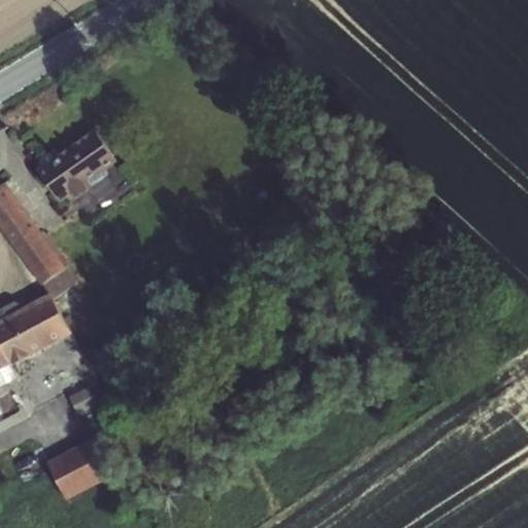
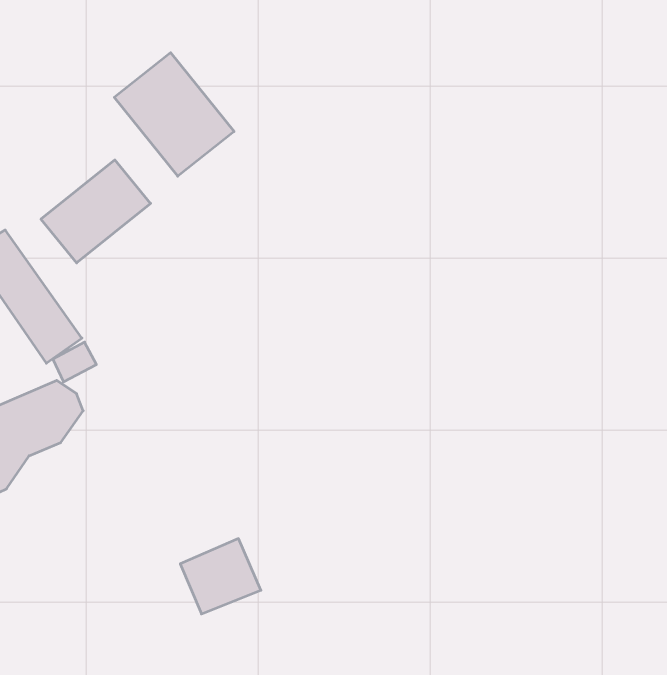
building: none -> [114,53,234,176]
building: [44,438,107,497] -> [180,539,261,614]

